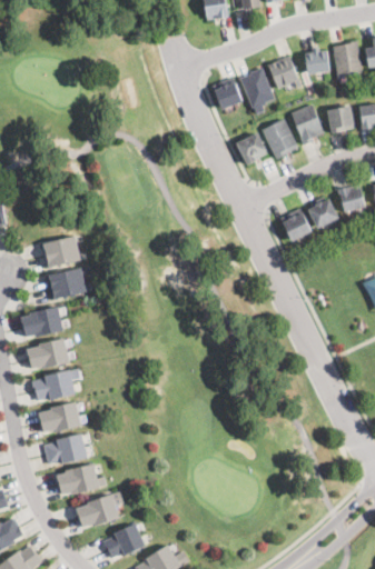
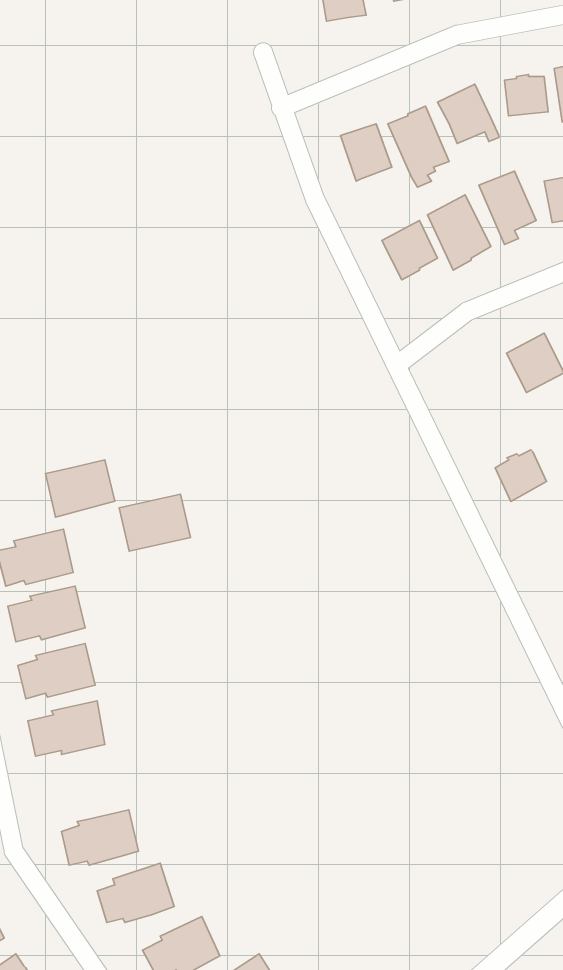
building: [282,212,310,241] -> [495,450,547,501]
building: [40,234,80,267] -> [119,494,190,551]
building: [43,432,87,465] -> none

